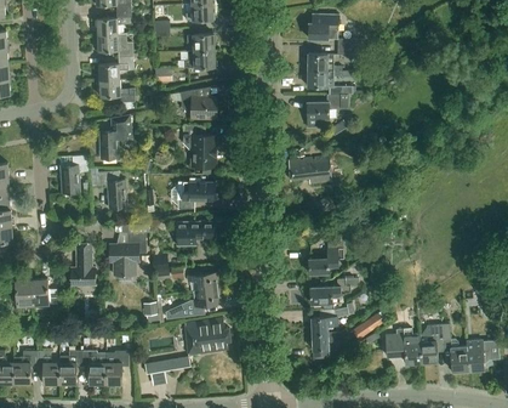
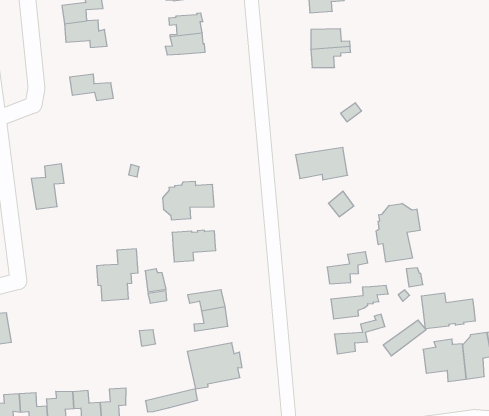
building: [98,57,132,81] -> none
building: [179,91,217,119] -> none
building: [307,95,349,129] -> none
building: [98,115,132,159] -> none
building: [183,126,216,168] -> none
building: [97,171,126,208] -> none
building: none -> [376,203,420,262]
building: [70,243,95,287] -> none
building: [30,279,57,306] -> none
building: none -> [421,293,475,329]
building: [312,330,348,359] -> none

